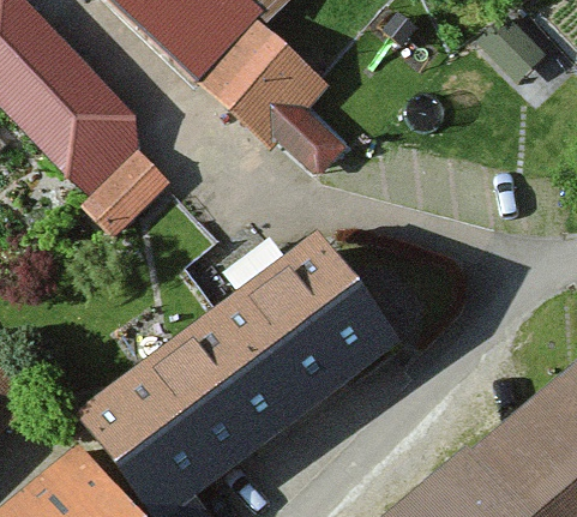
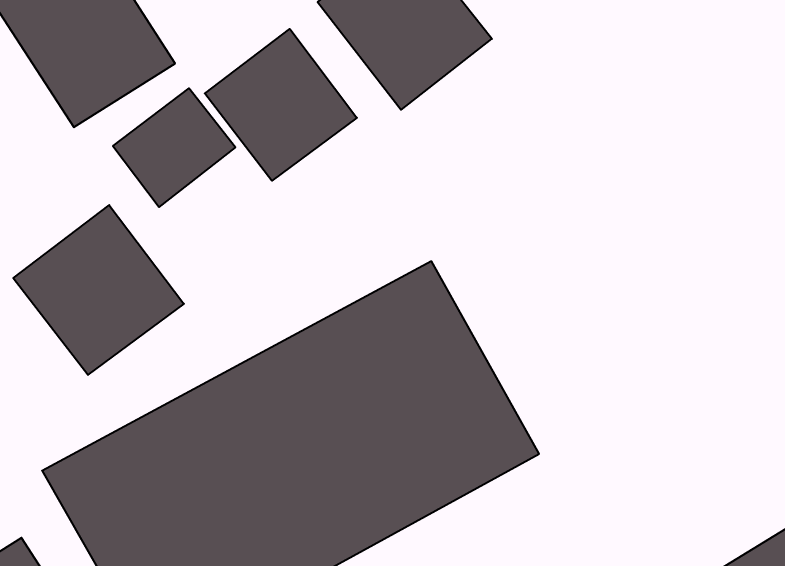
building: none -> [205,29,357,181]
building: none -> [13,205,184,375]

